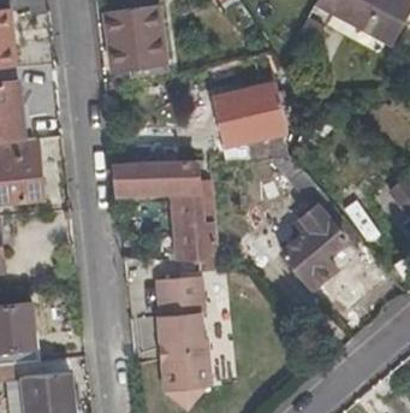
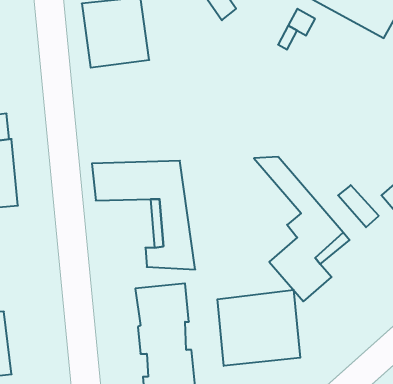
building: [215,83,289,157] -> none
building: none -> [217,290,300,366]

